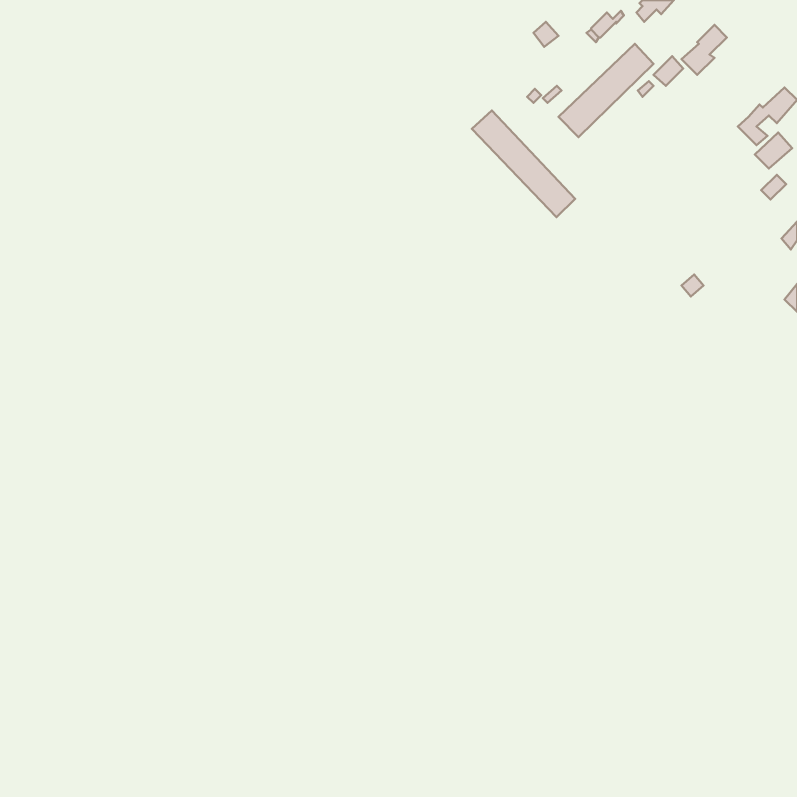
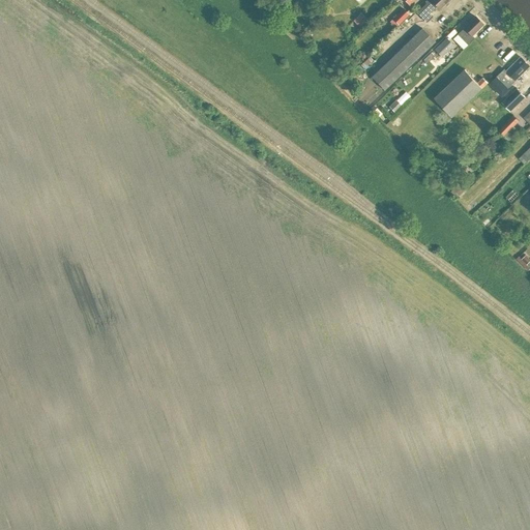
building: none -> [435,70,488,117]
building: [472,111,575,217] -> none

